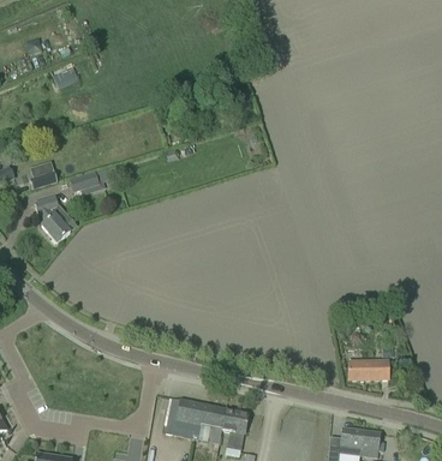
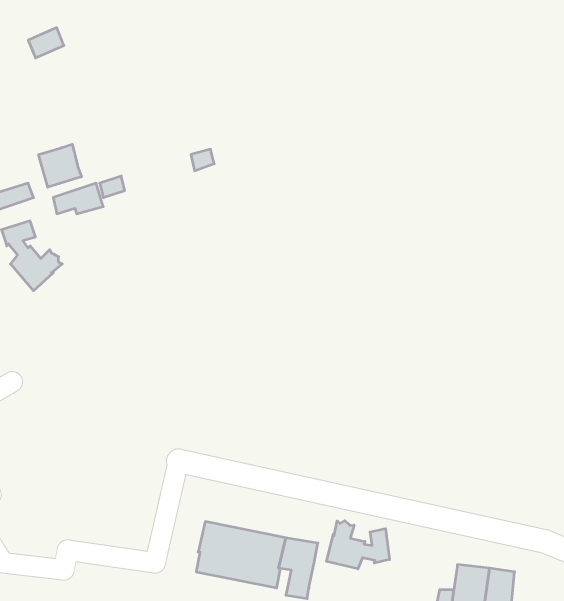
building: none -> [39,144,81,187]
building: [347,359,388,379] -> none
building: none -> [326,521,390,569]

